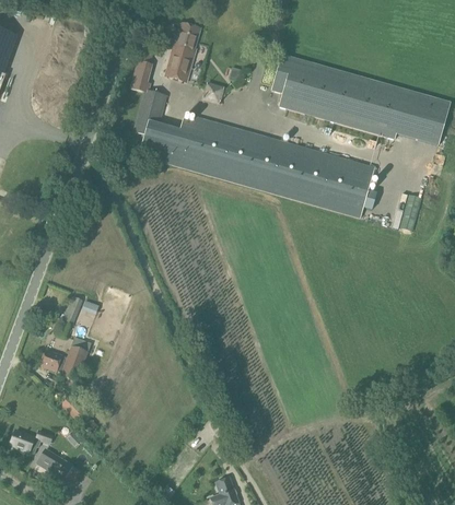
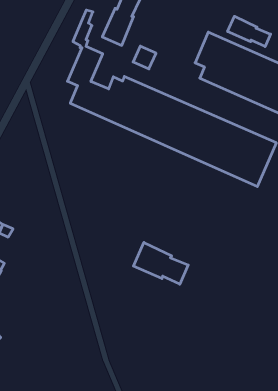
building: none -> [228,16,271,47]
building: none -> [133,242,188,284]

